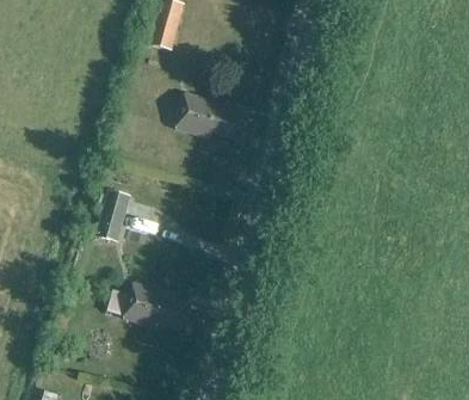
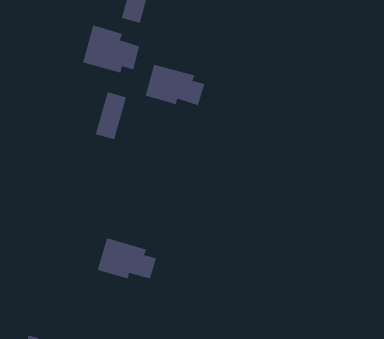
building: none -> [82,25,140,74]
building: [95,189,130,241] -> [95,92,127,140]

